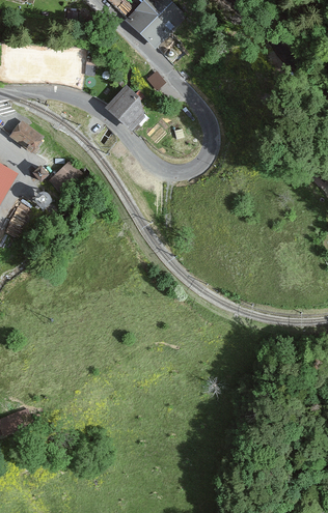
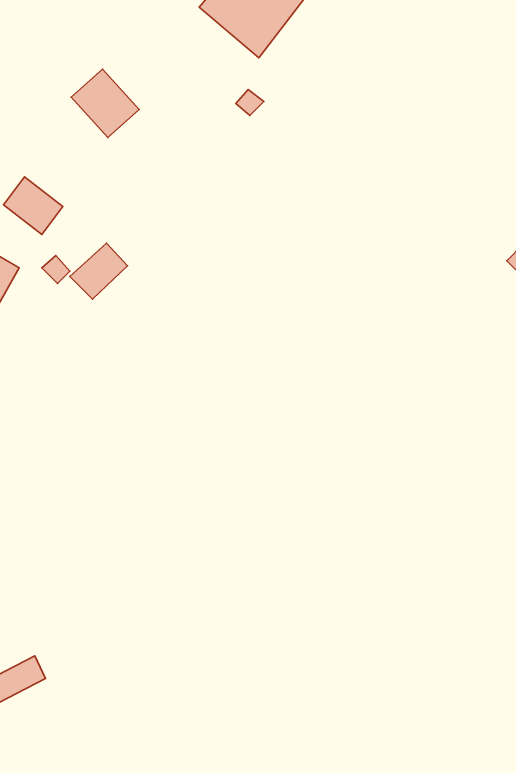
building: [105,86,145,126] -> [71,69,139,137]

